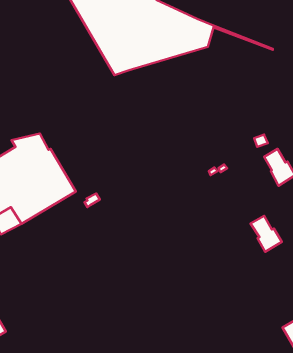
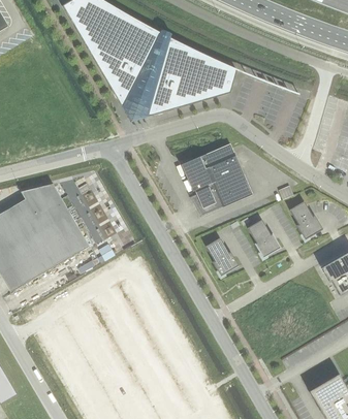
building: none -> [181,141,252,215]
building: none -> [205,236,239,275]
building: [251,216,282,252] -> [247,218,280,256]

